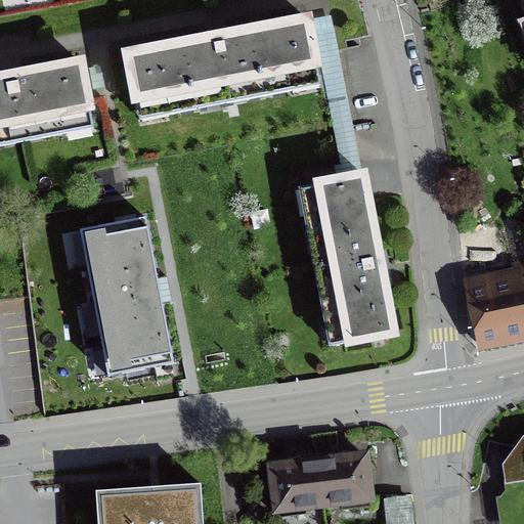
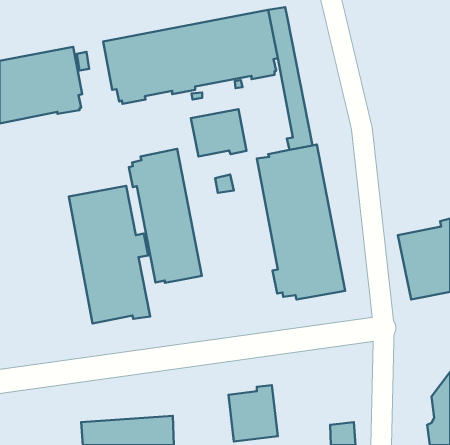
building: none -> [191,109,247,156]
building: none -> [129,149,202,283]
building: [315,445,375,507] -> none

